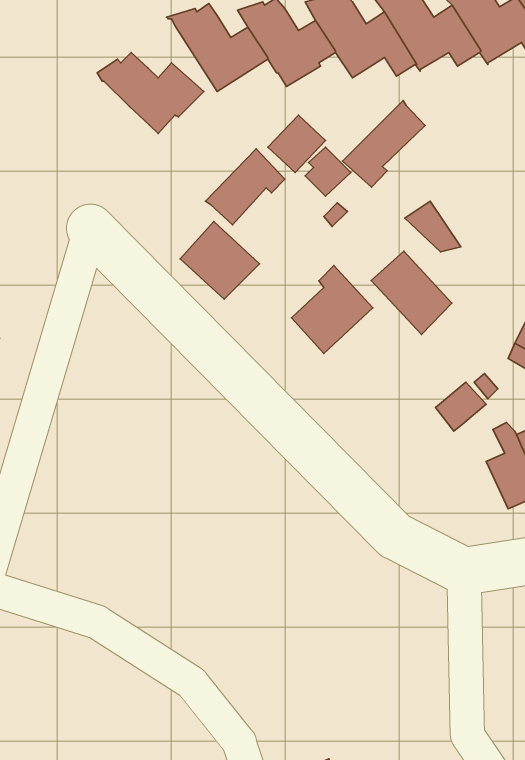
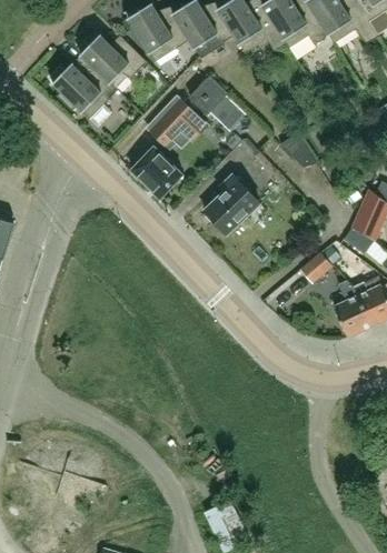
building: none -> [49,63,118,119]
building: [343,101,425,187] -> none
building: [371,251,452,335] -> none

